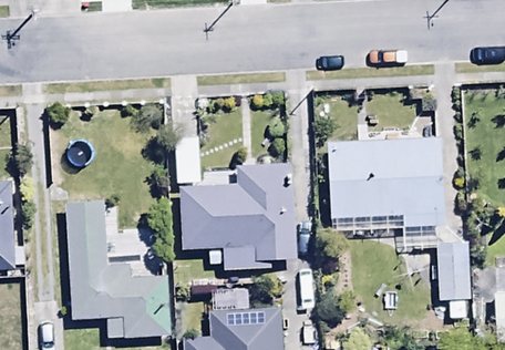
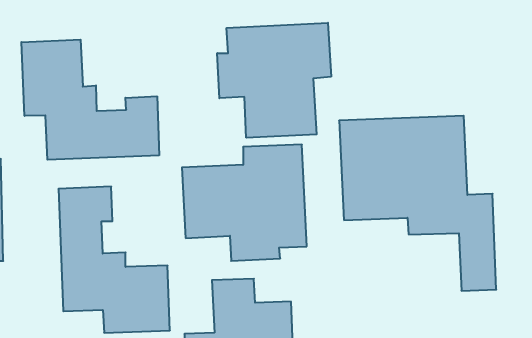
building: none -> [217,23,331,138]
building: none -> [21,40,159,160]

